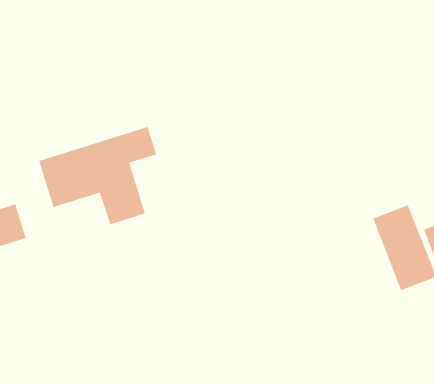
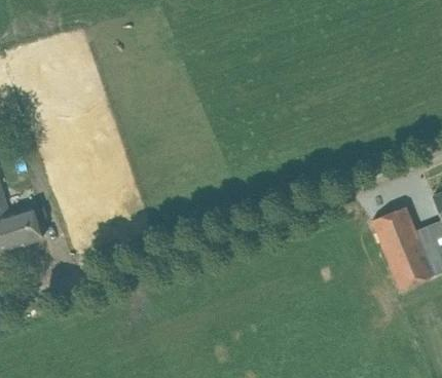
building: [39,126,157,225] -> none

